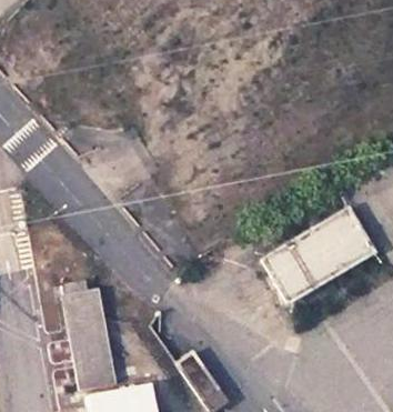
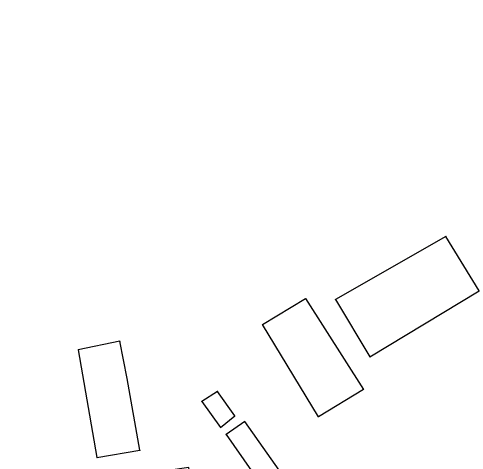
building: none -> [263,299,363,417]

